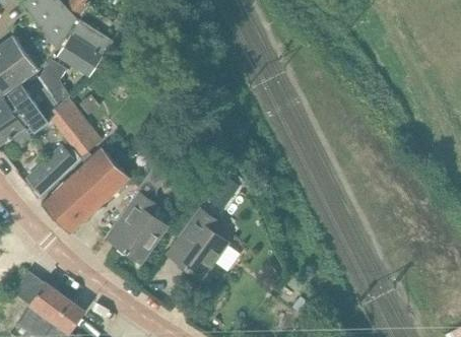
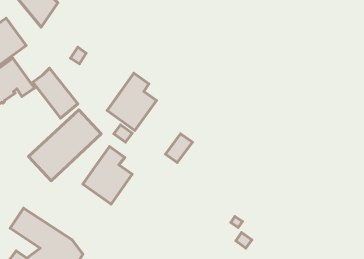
building: [58,21,111,76] -> none
building: [39,59,68,106] -> none
building: [25,147,80,198] -> none
building: [168,209,227,279] -> [107,73,156,131]

